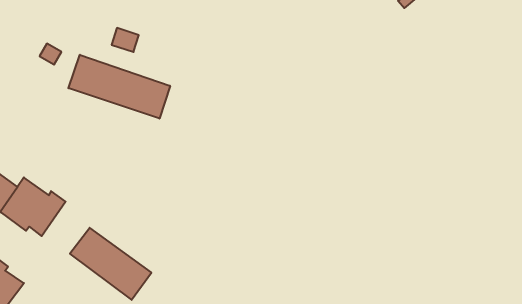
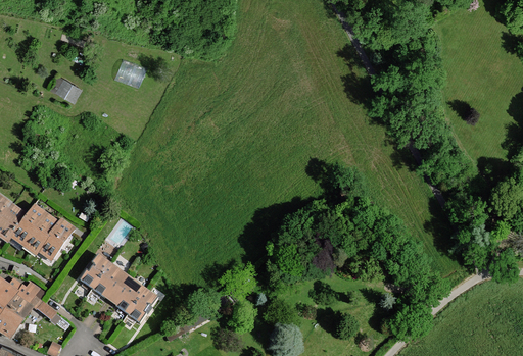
building: [68,55,170,119] -> none
building: none -> [15,282,56,319]

